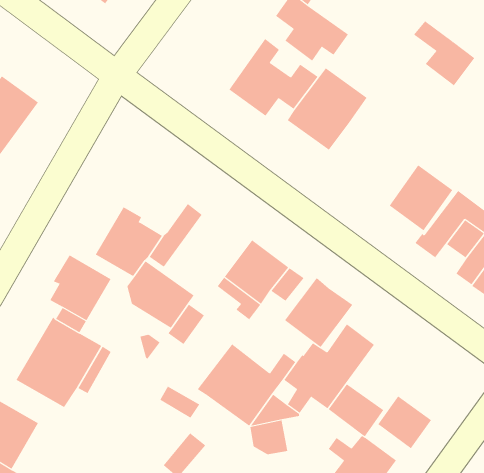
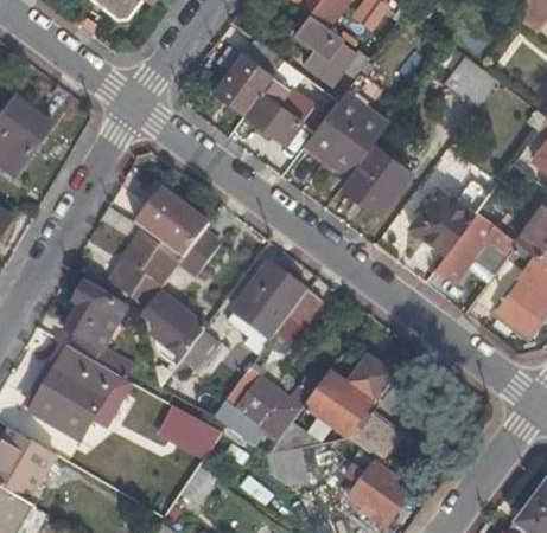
building: none -> [215,39,282,113]
building: none -> [338,146,407,214]
building: none -> [134,186,209,257]
building: [284,277,353,348] -> none
building: [377,395,432,449] -> none

